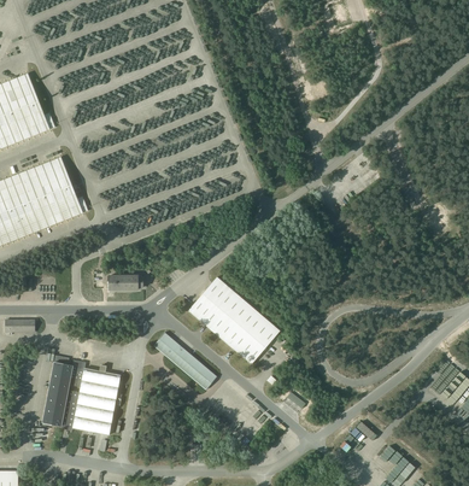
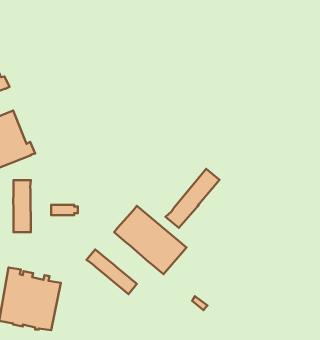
building: none -> [166,169,219,228]
building: none -> [13,180,31,232]

